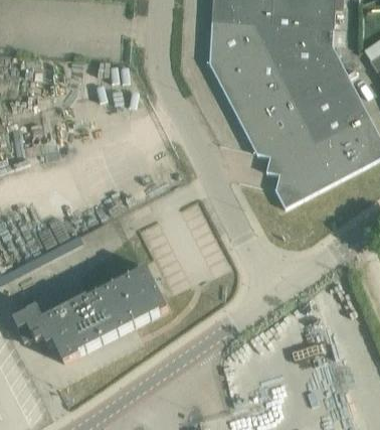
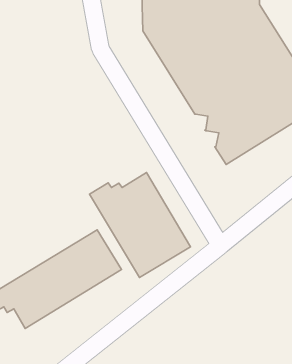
building: none -> [89,172,191,277]

